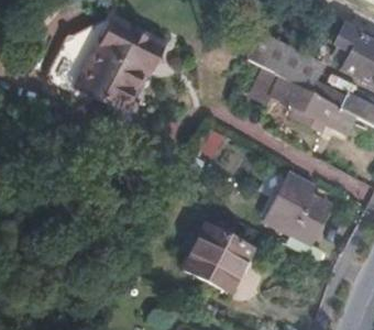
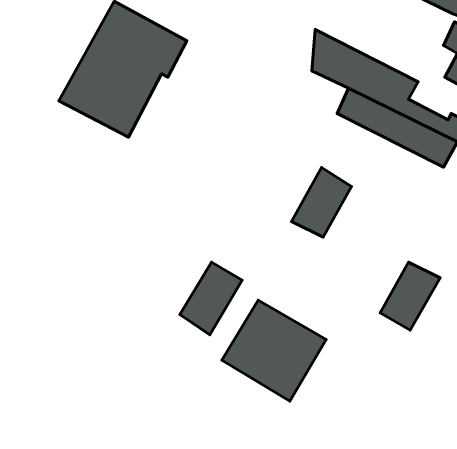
building: [270,183,311,231] -> [291,168,352,237]
building: none -> [180,262,242,335]

